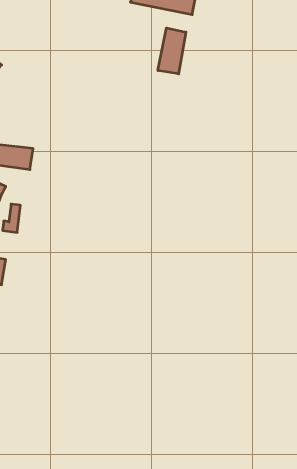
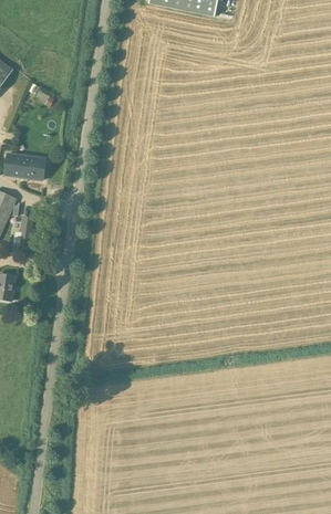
building: [158,28,186,74] -> none

